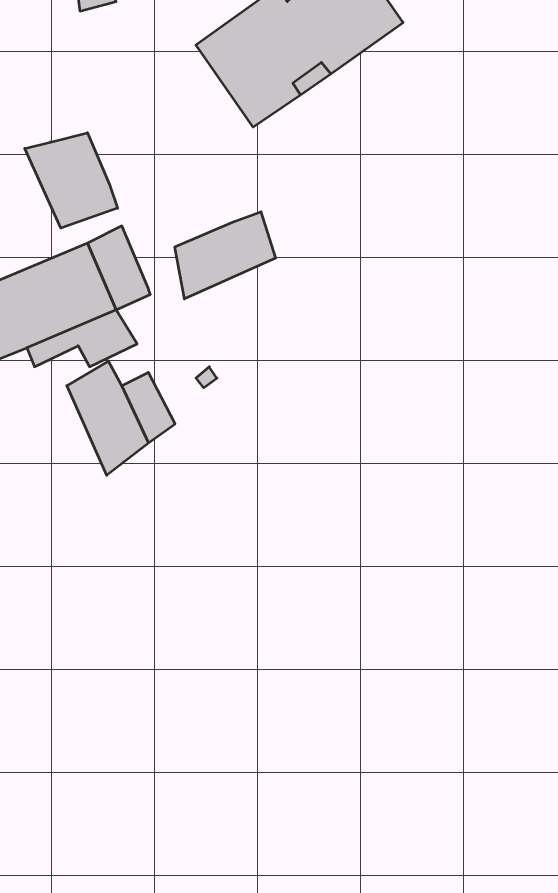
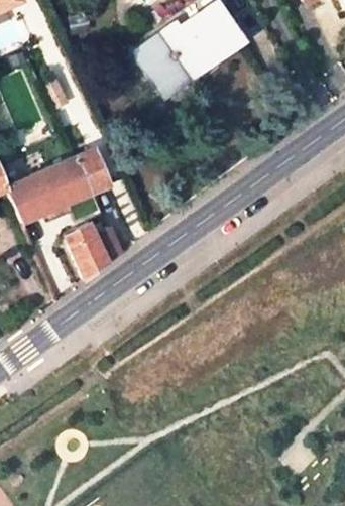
building: [25,133,118,228] -> none
building: [175,212,276,299] -> none

